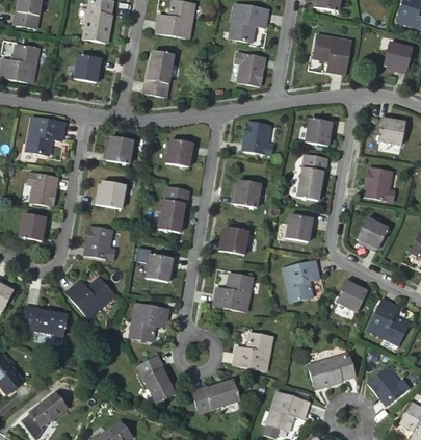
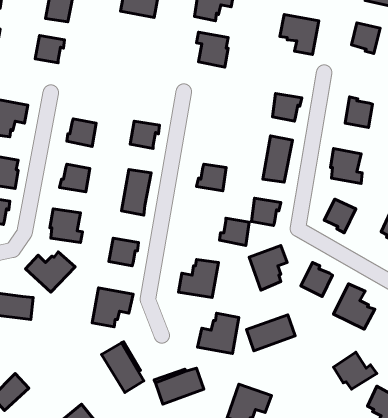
building: [144,52,174,98] -> none
building: [243,122,275,156] -> none
building: [218,229,247,256] -> [220,218,249,245]
building: [302,355,350,390] -> [247,315,295,351]

